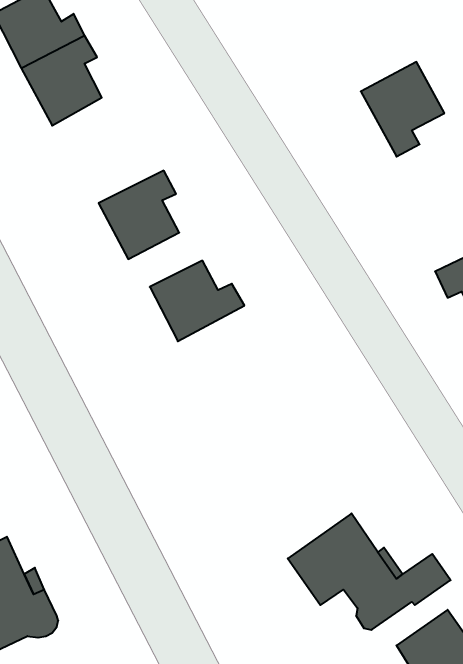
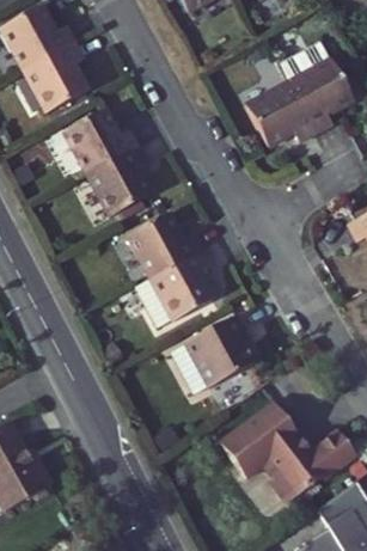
building: none -> [244,84,314,147]
building: none -> [62,106,135,170]
building: none -> [130,249,209,330]
building: none -> [165,316,249,394]

